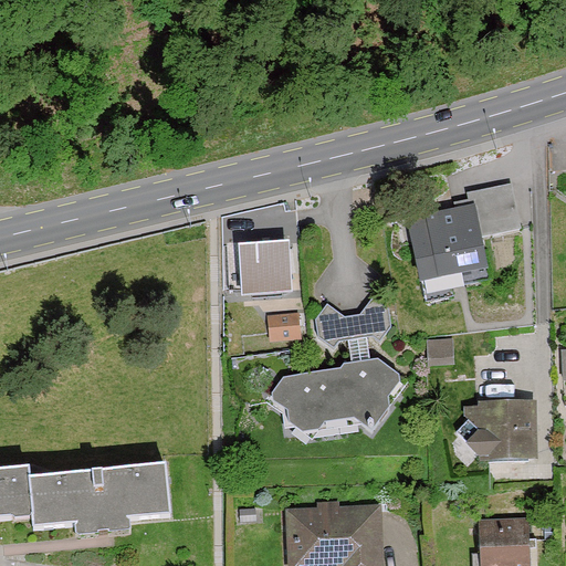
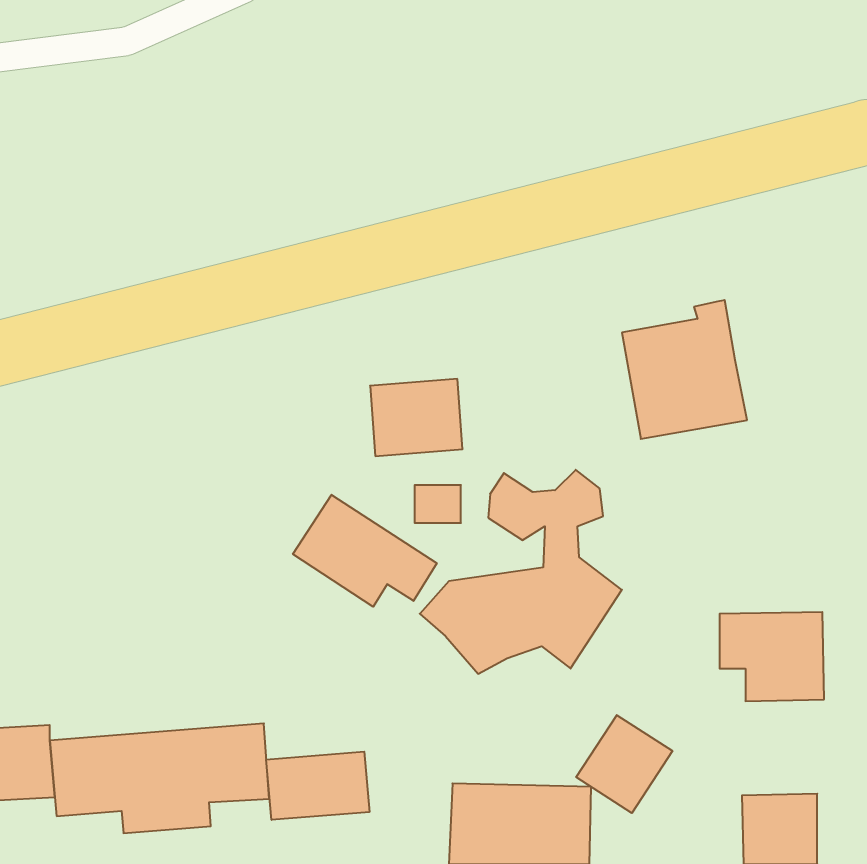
building: [461,178,516,232] -> none
building: none -> [293,495,437,607]
building: none -> [576,715,672,813]
building: none -> [266,752,369,820]

